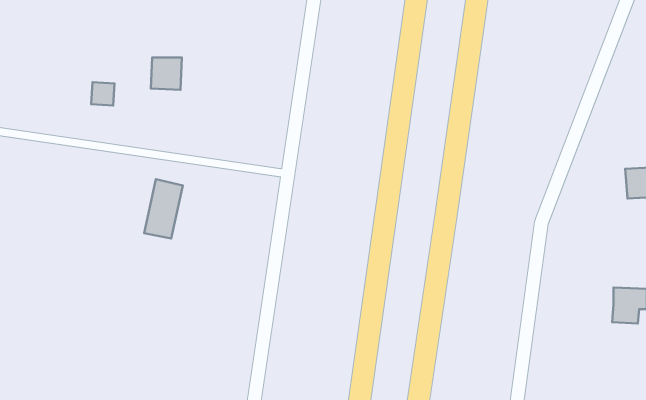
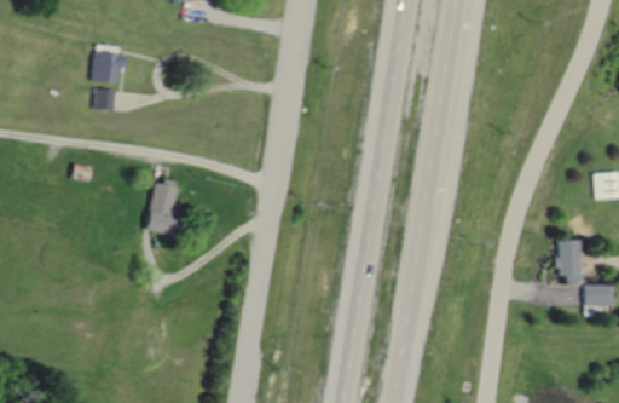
building: [151,58,182,90] -> [93,53,122,84]
building: none -> [554,238,580,282]

